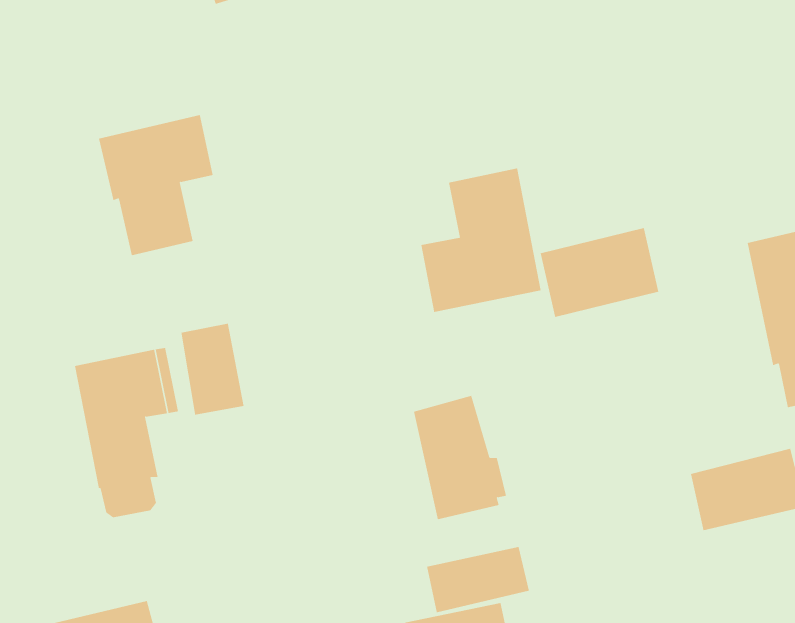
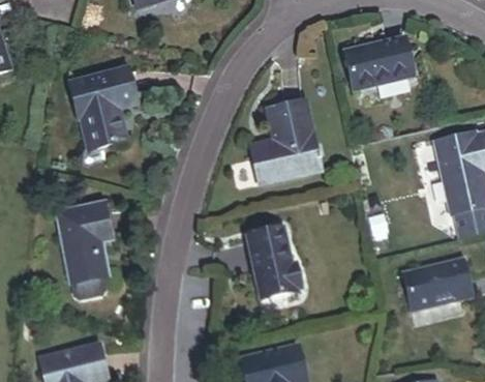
building: [540,228,659,317] -> [346,37,414,88]
building: [181,323,244,415] -> none
building: [426,546,530,613] -> none

